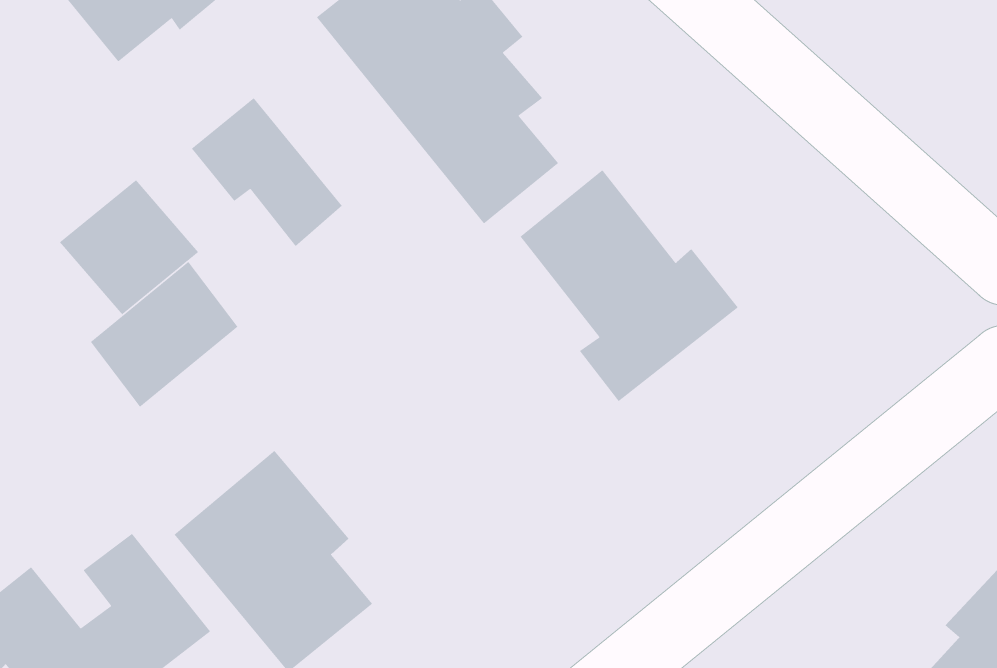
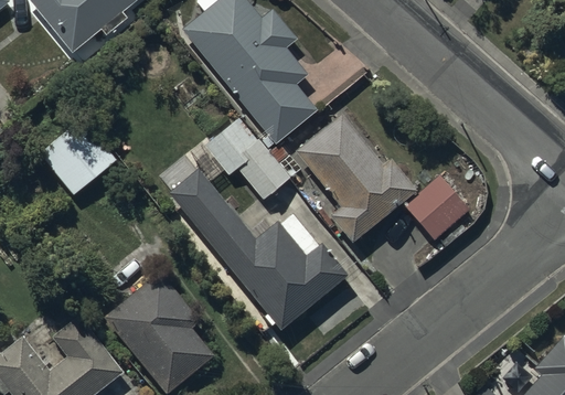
building: [191,97,343,247] -> [205,117,290,201]
building: [90,261,239,408] -> none
building: none -> [167,167,349,331]
building: none -> [403,174,471,241]

